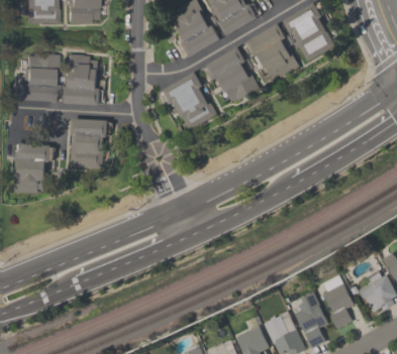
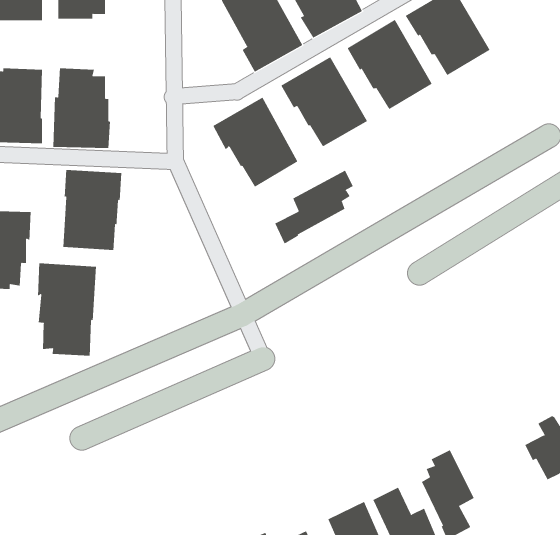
building: none -> [275,170,353,244]
building: none -> [37,262,96,356]
building: [322,273,354,328] -> none

